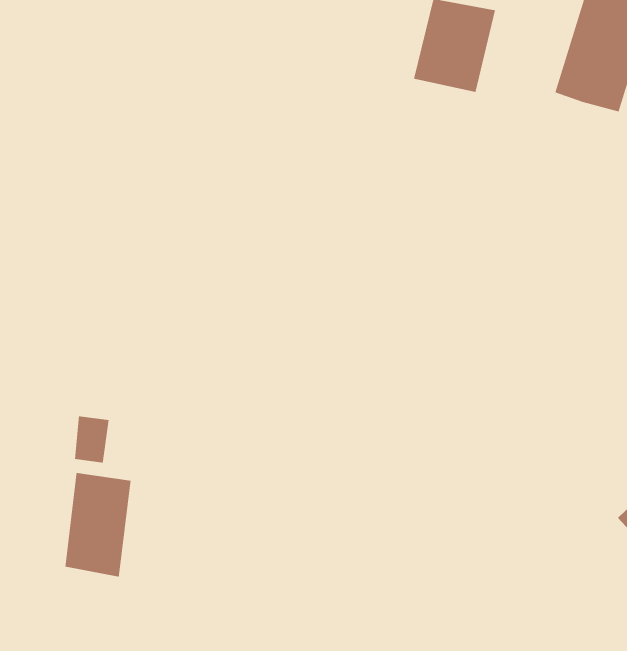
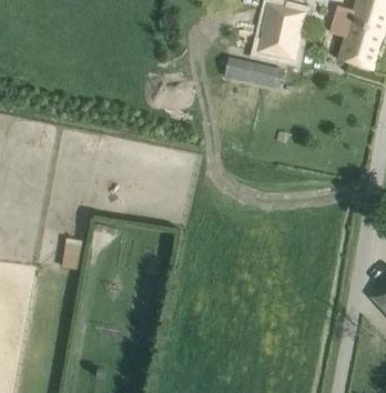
building: none -> [223,57,282,84]
building: [65,472,131,578] -> none

